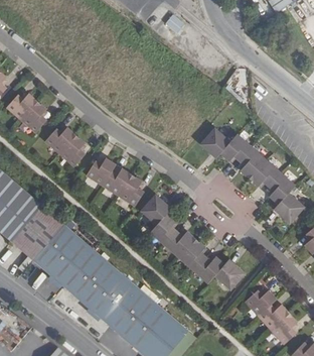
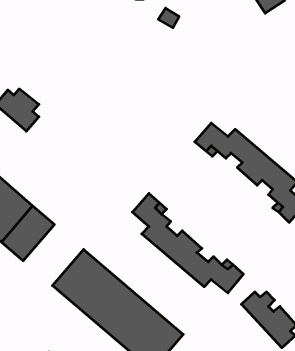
building: [44,127,87,167] -> none
building: [85,157,145,207] -> none
building: [33,225,92,284] -> none

